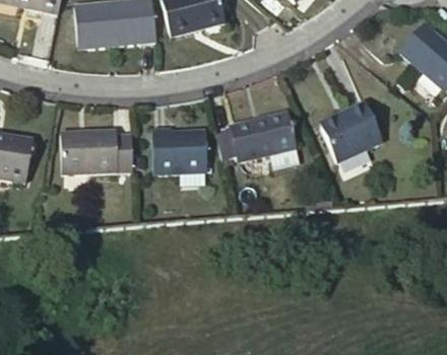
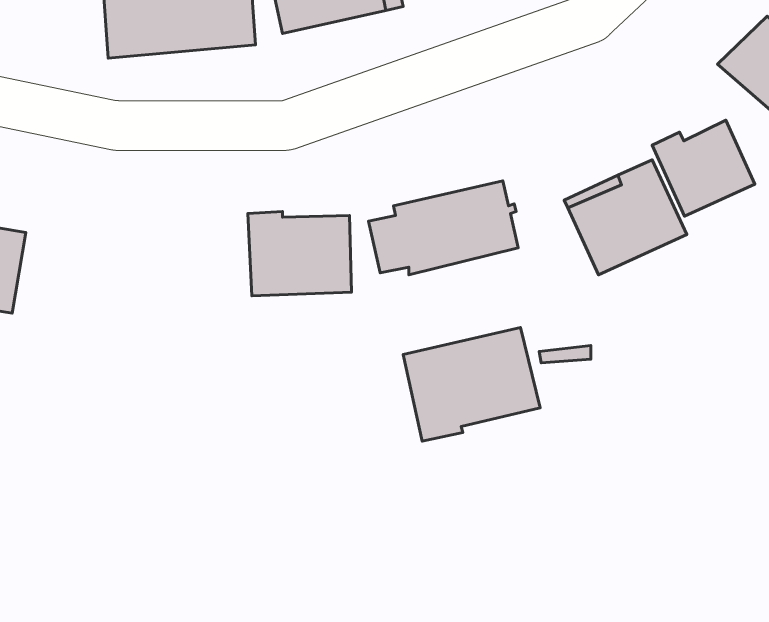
building: none -> [652,120,755,216]
building: [61,130,132,172] -> none
building: none -> [403,328,540,441]

